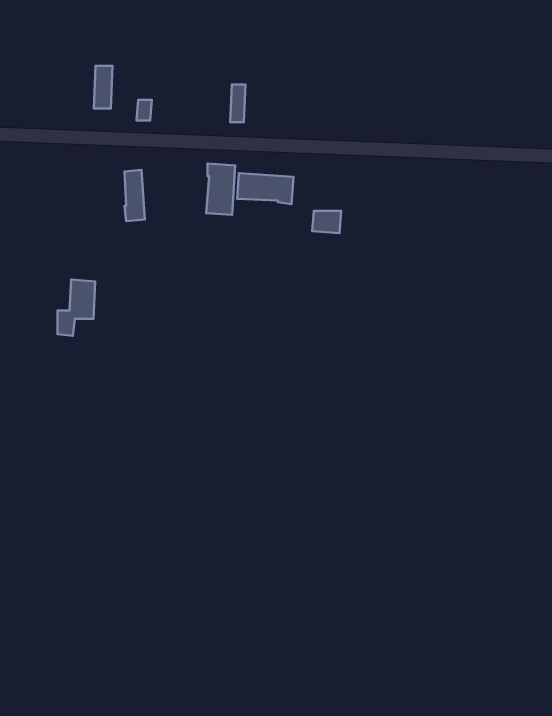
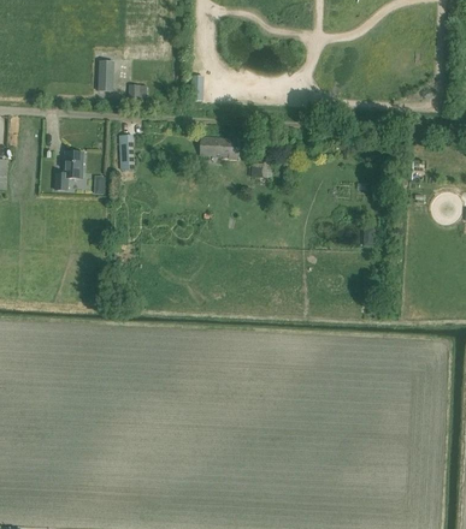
building: [206,164,235,215] -> none
building: [58,280,95,336] -> [57,150,83,190]

